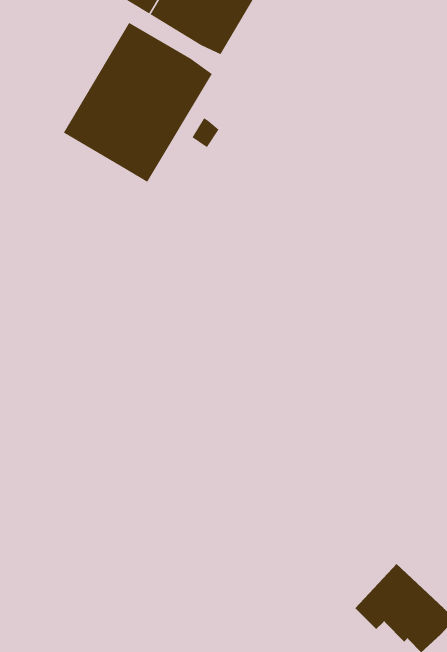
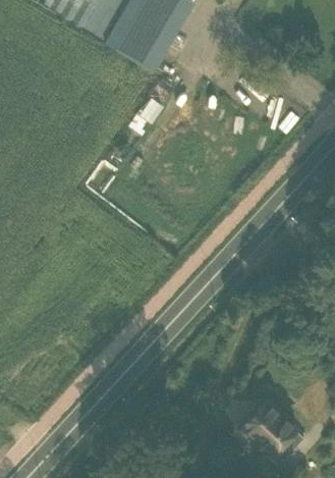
building: [63,22,213,183] -> none

